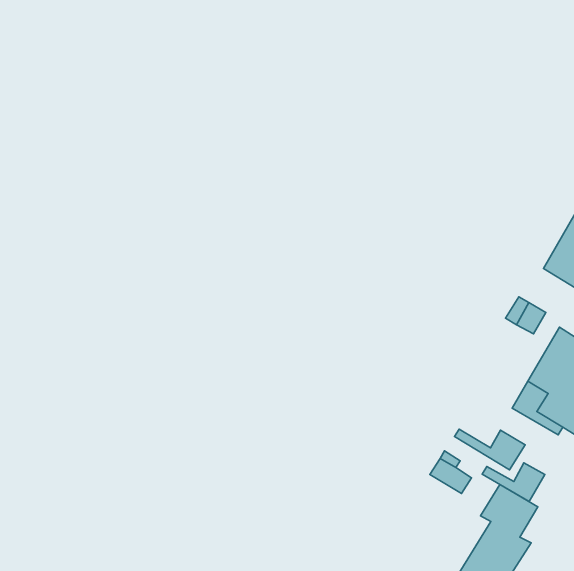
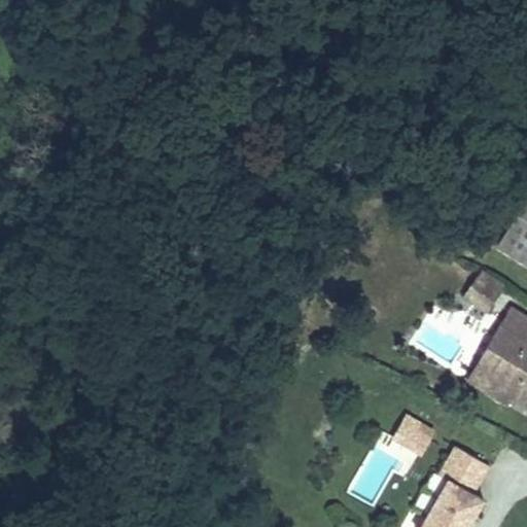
building: [455,429,525,470] -> none
building: [482,463,545,502] -> none

